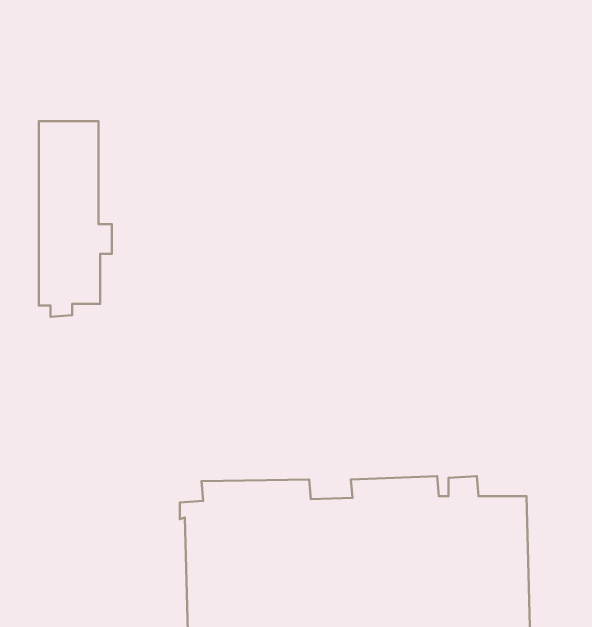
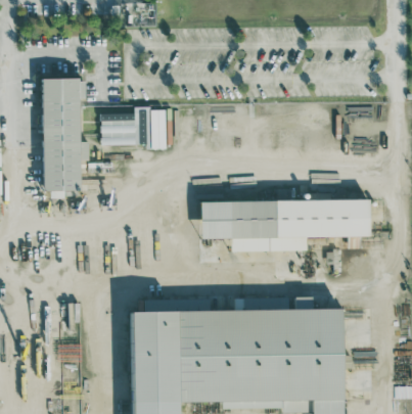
building: none -> [99,108,166,150]
building: none -> [201,199,371,252]

